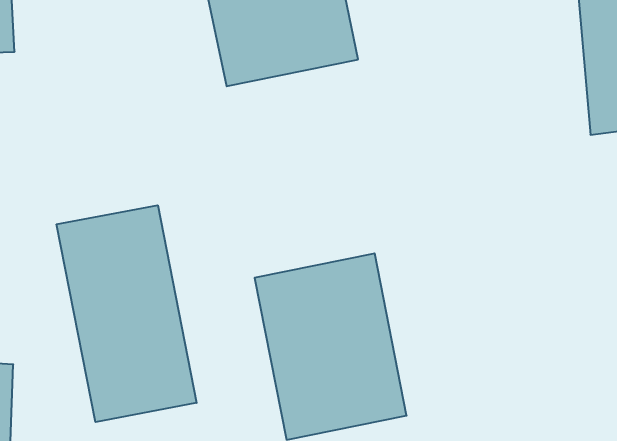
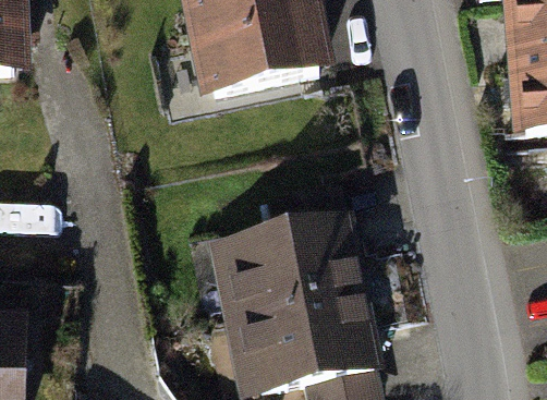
building: [57,205,197,422] -> none

